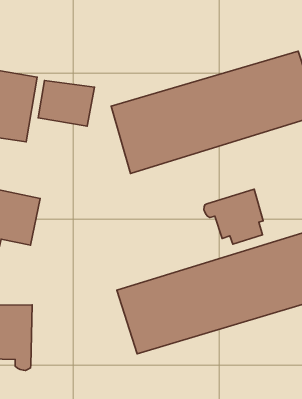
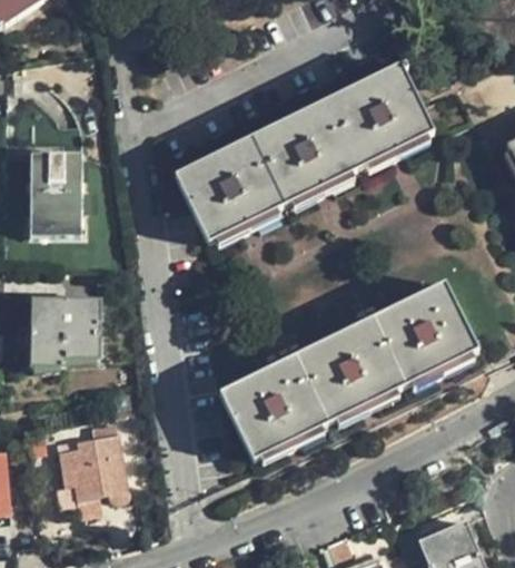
building: [38,80,94,126] -> none
building: [204,189,263,244] -> none

